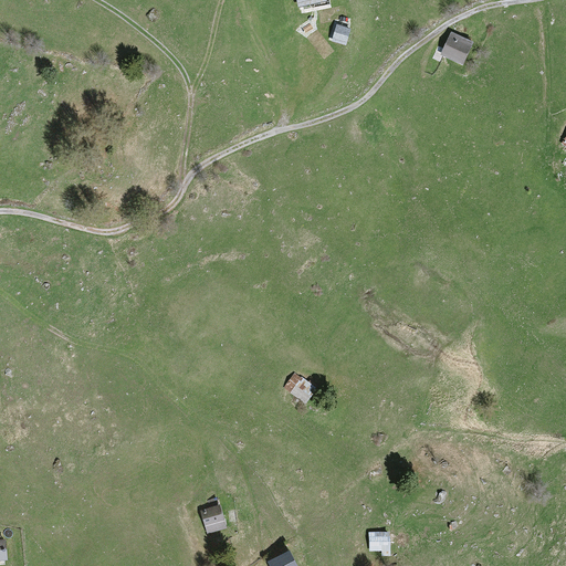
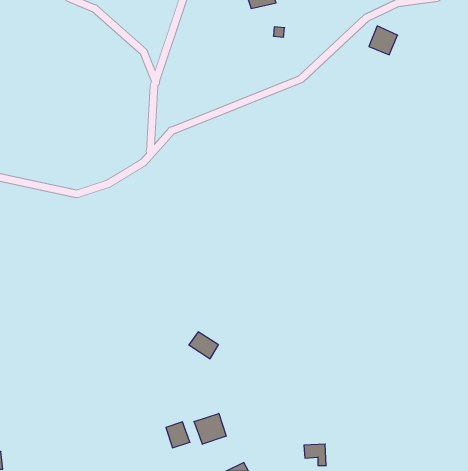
building: [281,371,316,403] -> [189,332,218,359]
building: none -> [194,413,226,444]

